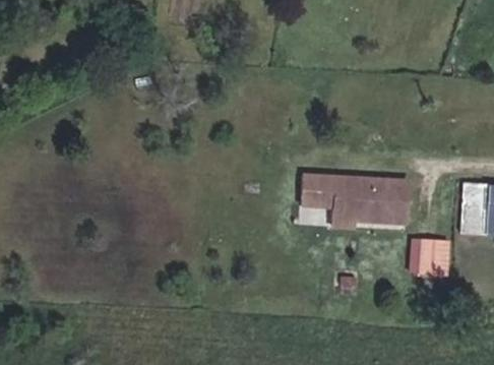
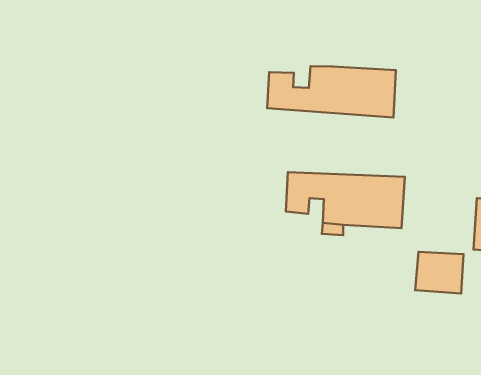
building: none -> [267,66,396,117]

